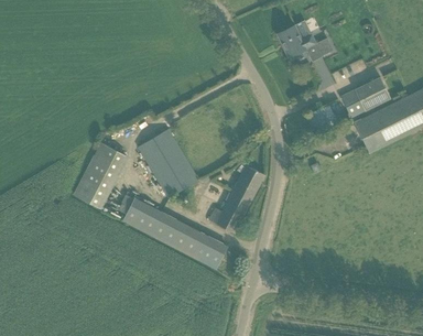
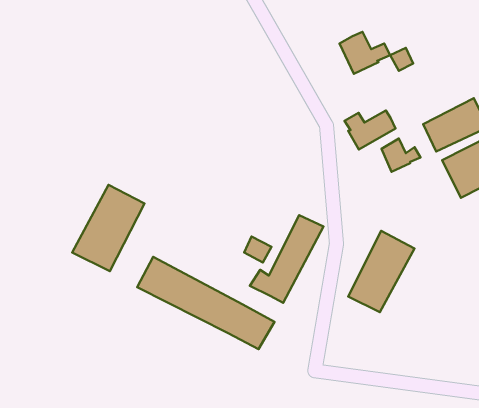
building: none -> [344,111,395,149]
building: [137,128,198,197] -> none
building: none -> [348,231,414,312]

